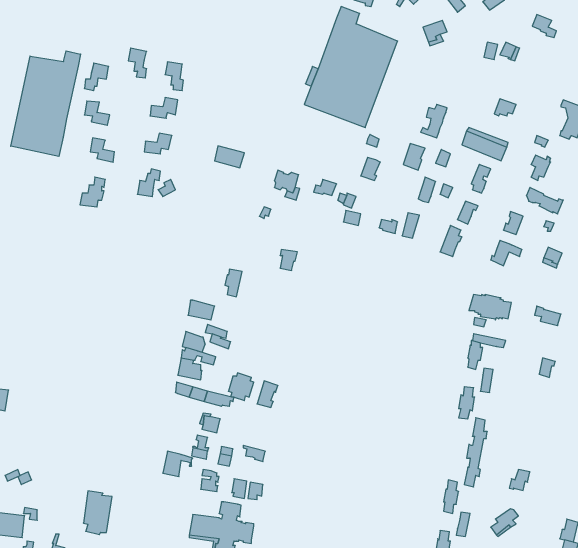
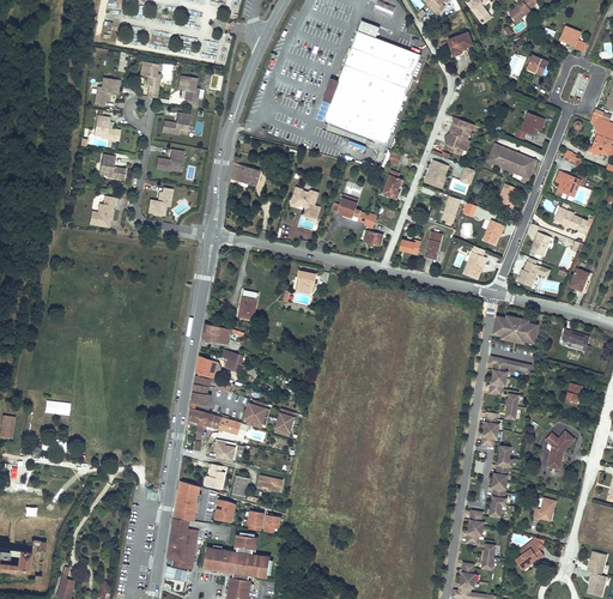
building: [11,51,81,156] -> none
building: none -> [546,432,575,470]
building: [83,491,112,535] -> [166,524,196,569]

